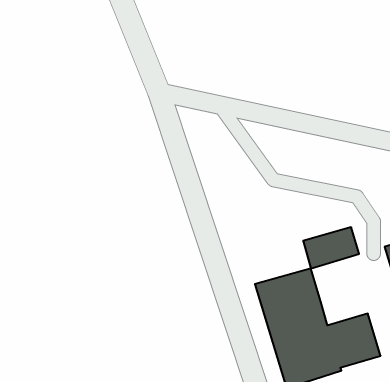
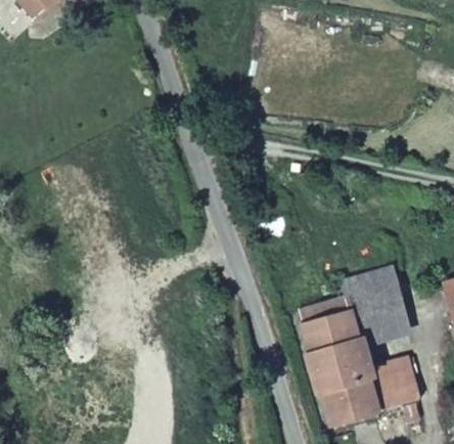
building: none -> [353,292,413,342]

